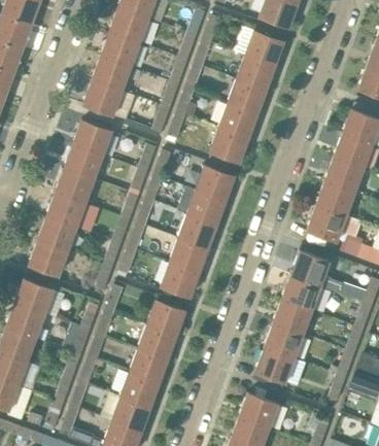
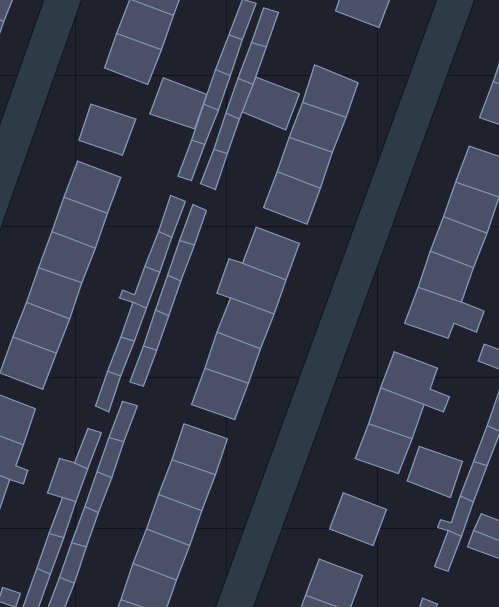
building: [245,30,284,66] -> [242,77,299,130]
building: [92,56,131,91] -> [150,78,207,129]
building: [265,323,303,358] -> [407,446,463,497]

